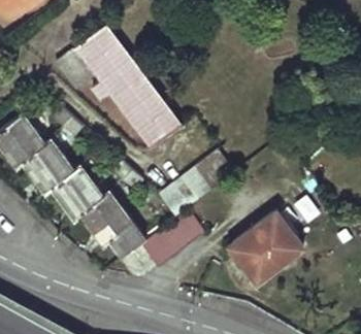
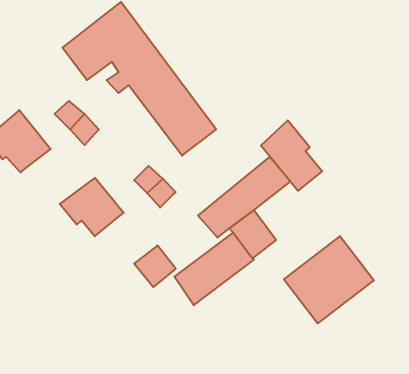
building: none -> [261,120,322,191]
building: [22,138,75,189] -> none
building: [79,192,129,238] -> none

